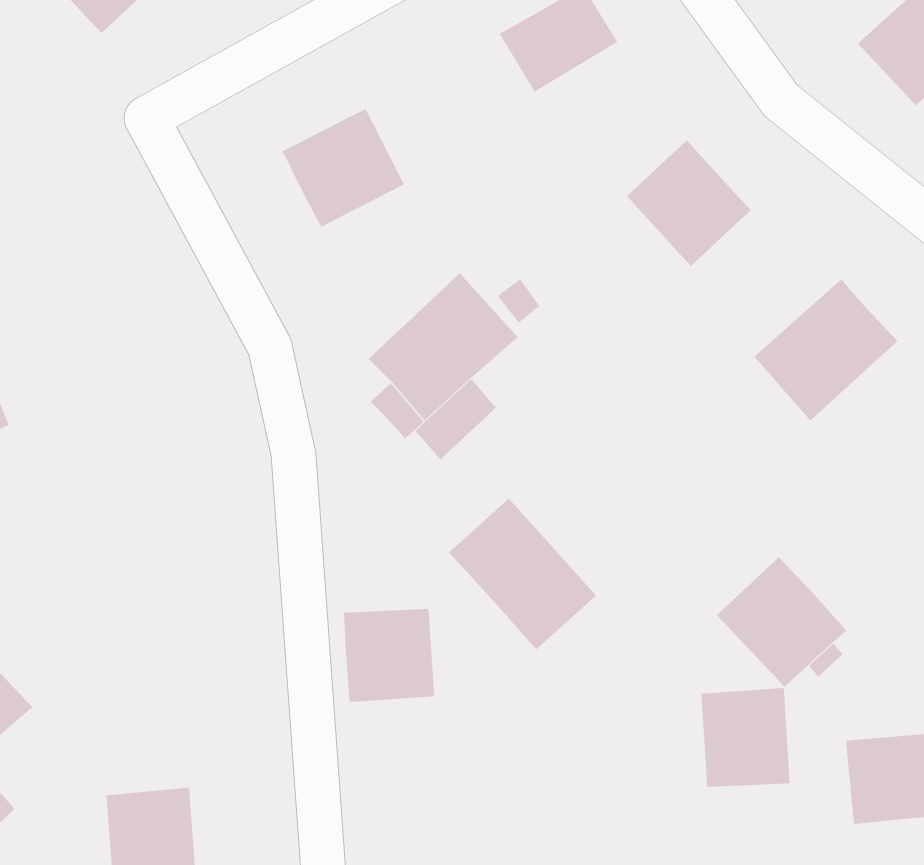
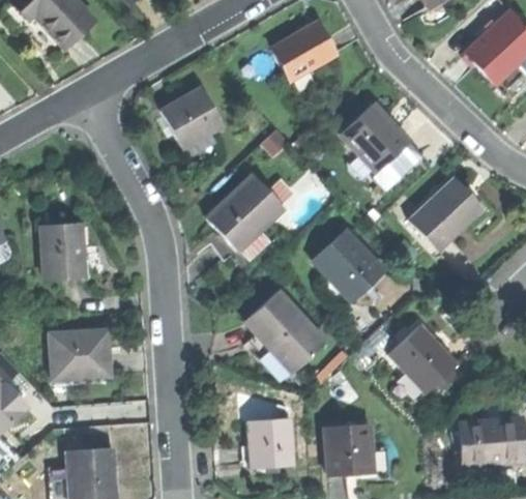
building: none -> [371,141,422,190]
building: none -> [39,224,85,276]
building: none -> [314,231,384,302]
building: none -> [49,328,110,378]
building: [343,609,435,702] -> [246,418,295,468]
building: [700,688,791,787] -> [324,423,372,476]

